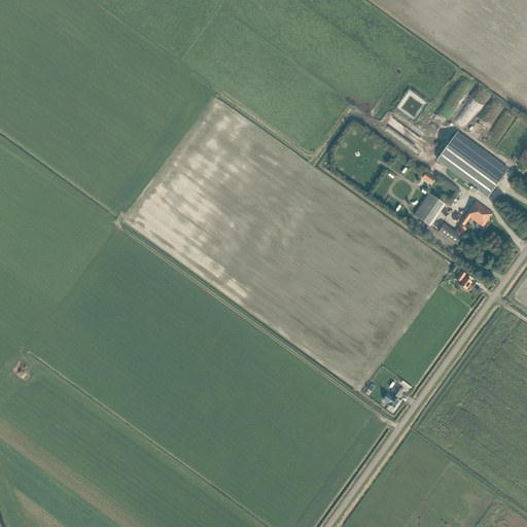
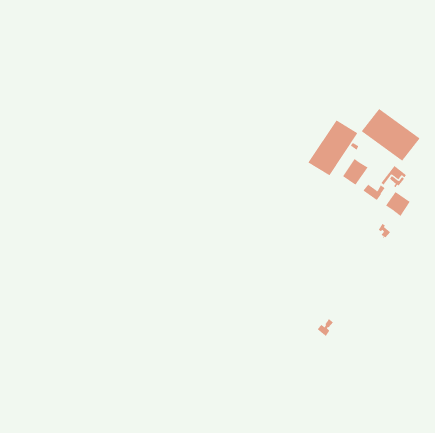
building: none -> [308,119,358,176]
building: none -> [385,191,410,217]

